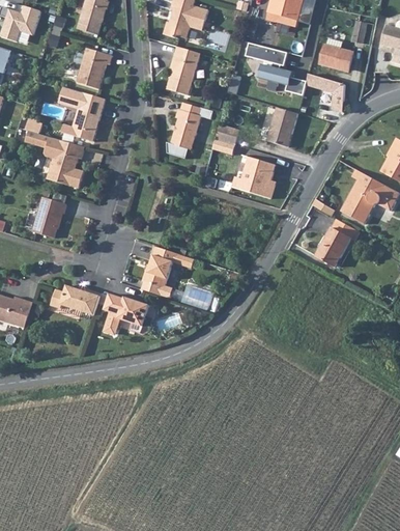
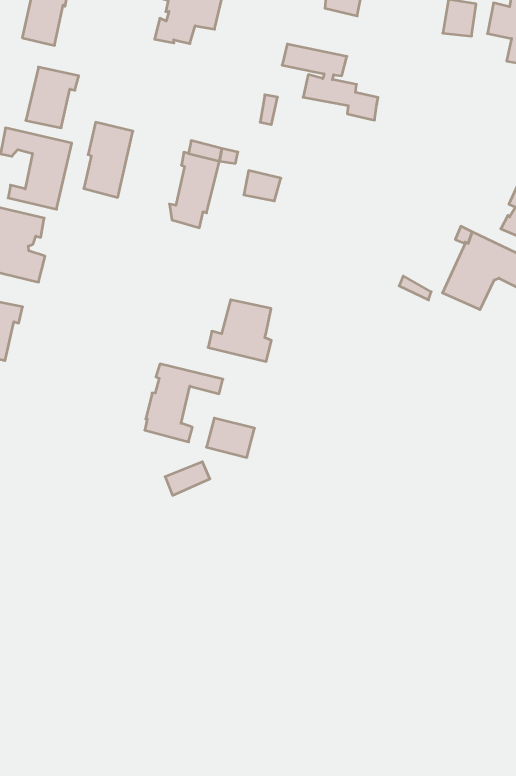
building: [320,37,352,69] -> none
building: [166,46,200,95] -> [84,122,133,197]
building: [305,74,344,112] -> none
building: [266,107,297,146] -> none
building: [232,157,275,198] -> [208,300,271,361]
building: [315,219,359,267] -> none
building: [50,285,101,315] -> none
building: [103,294,149,334] -> none

